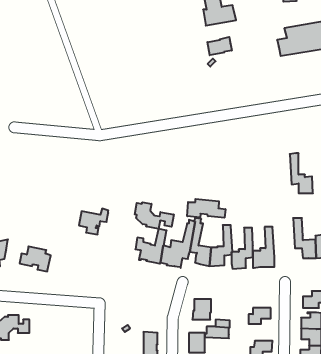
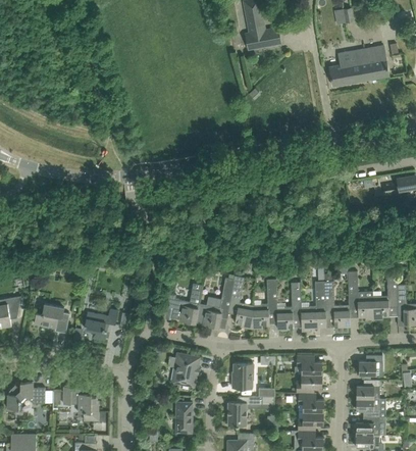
building: [207,37,232,55] -> none
building: [290,153,313,193] -> [323,281,350,327]
building: [187,199,225,218] -> none
building: [135,202,174,229] -> none
building: [79,209,108,234] -> [84,309,117,339]
building: none -> [171,353,199,387]
building: none -> [297,355,321,374]
building: none -> [63,387,98,420]
building: none -> [298,393,323,412]

